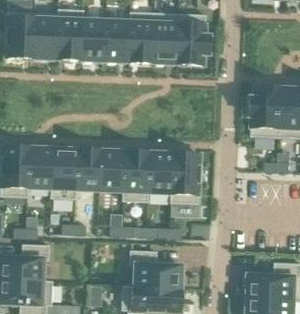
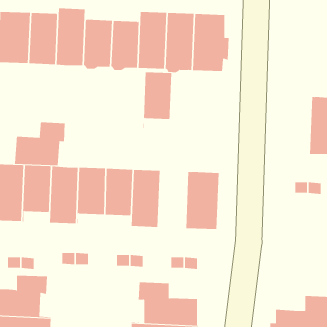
building: [248,86,281,138] -> none
building: none -> [13,122,68,167]
building: [146,152,172,203] -> [143,72,172,130]

